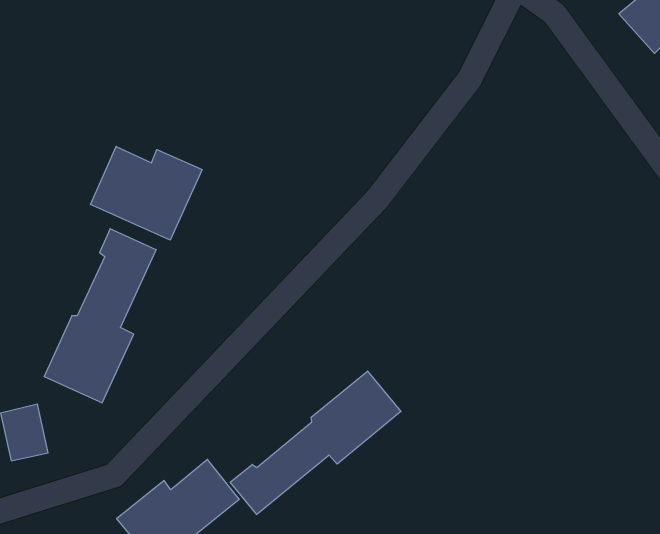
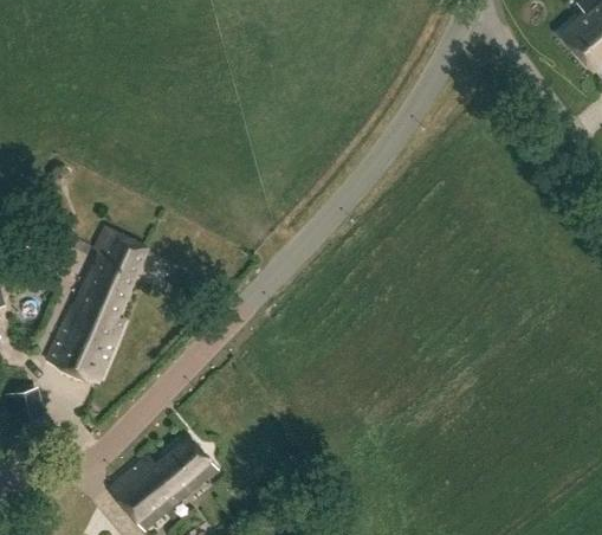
building: [91,146,202,240] -> none
building: [230,371,401,514] -> none

